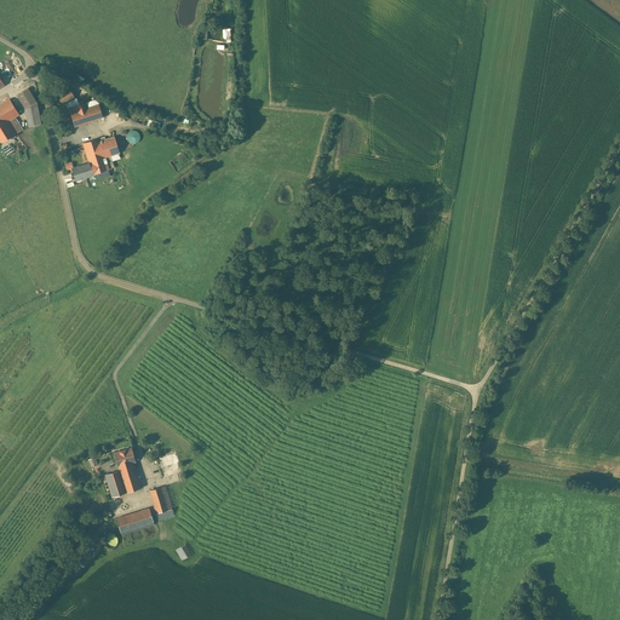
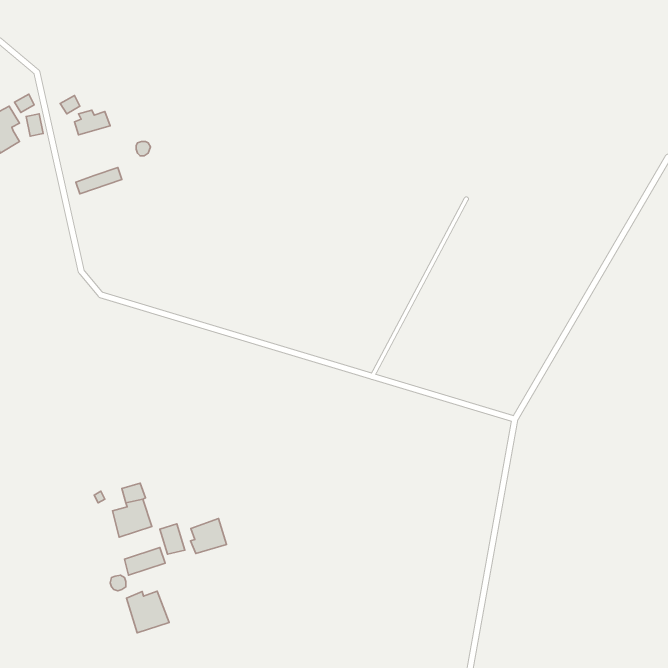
building: [82,136,119,162] -> none
building: none -> [190,519,226,553]
building: none -> [126,591,169,633]

